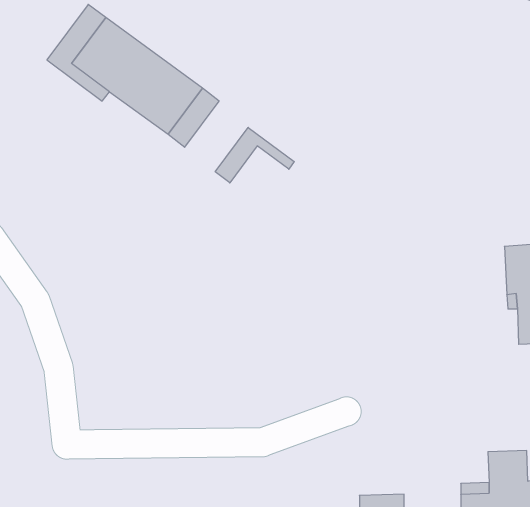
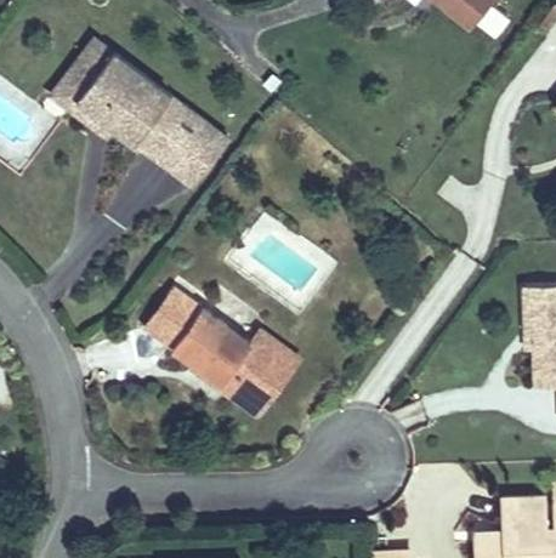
building: [215,127,294,183] -> none
building: none -> [142,287,280,403]

